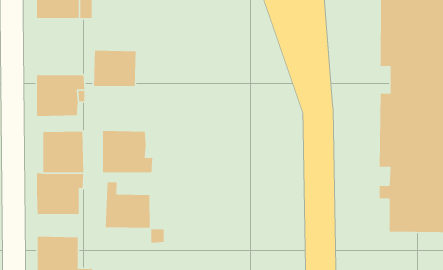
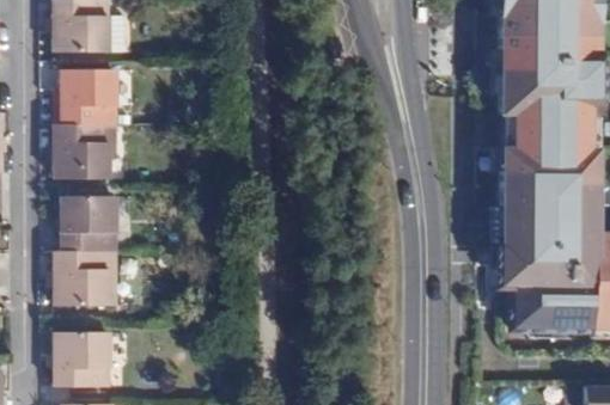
building: [93,50,137,87] -> [61,75,117,123]
building: [102,130,153,173] -> none
building: [105,181,151,229] -> none

